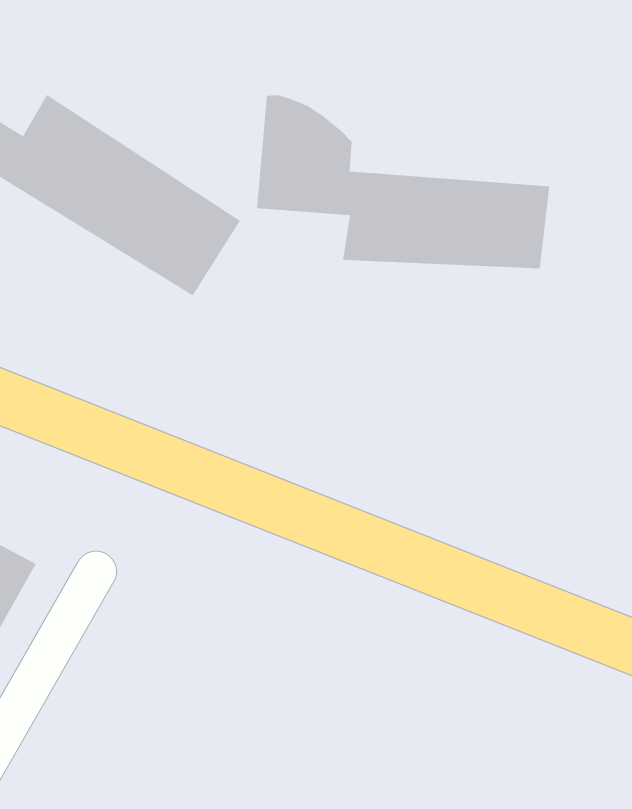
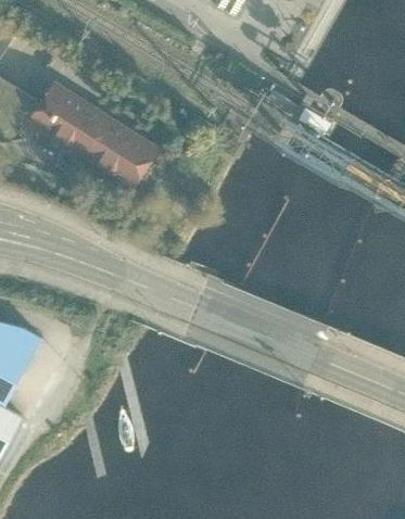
building: [256,95,550,269] -> none

